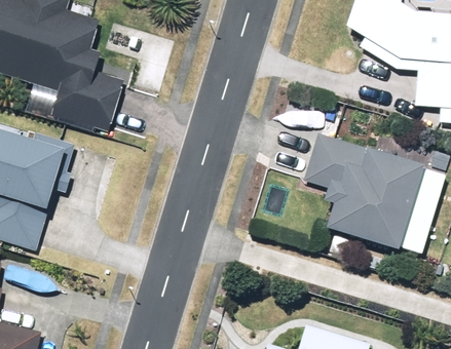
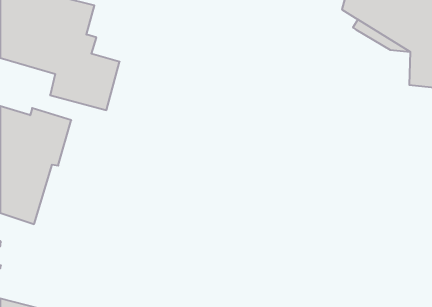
building: [302,135,422,257] -> none

